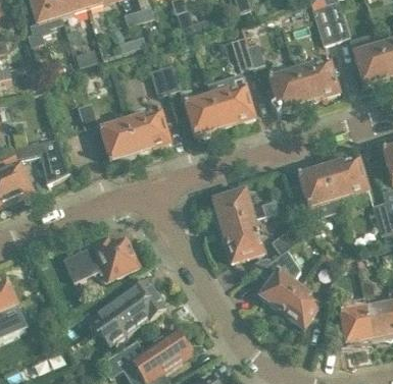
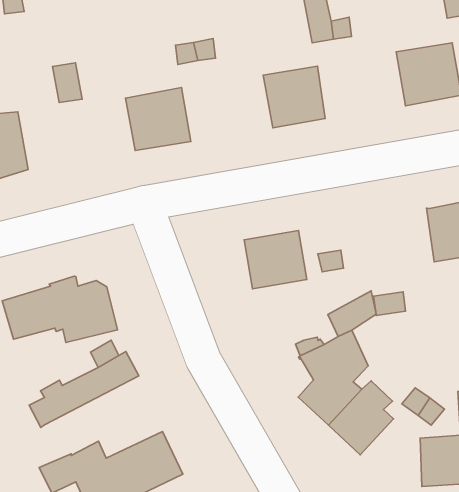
building: [267,68,304,110] -> none
building: [183,94,222,134] -> none
building: [98,119,136,160] -> none
building: [297,165,338,218] -> none
building: [222,220,264,261] -> none
building: [100,294,166,345] -> none

